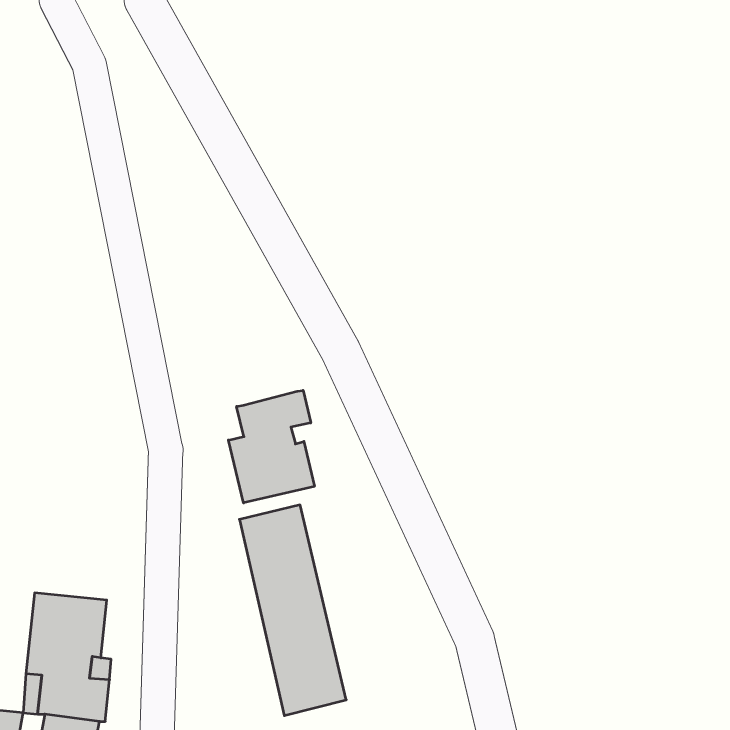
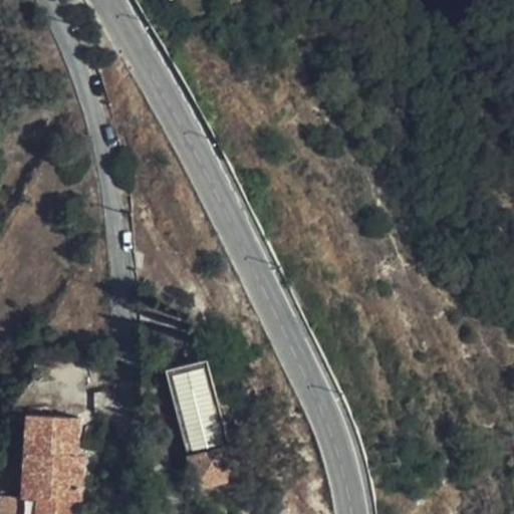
building: [228,390,314,503] -> none

